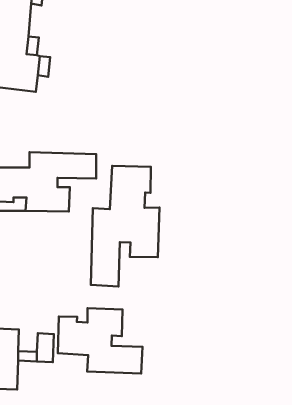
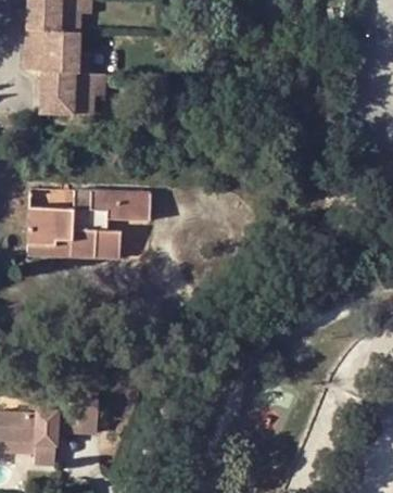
building: [91,166,159,286] -> none
building: [58,308,143,373] -> none

